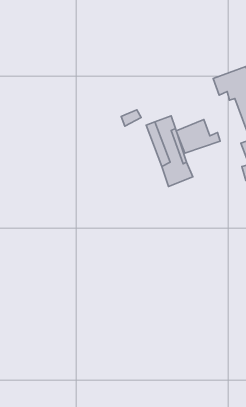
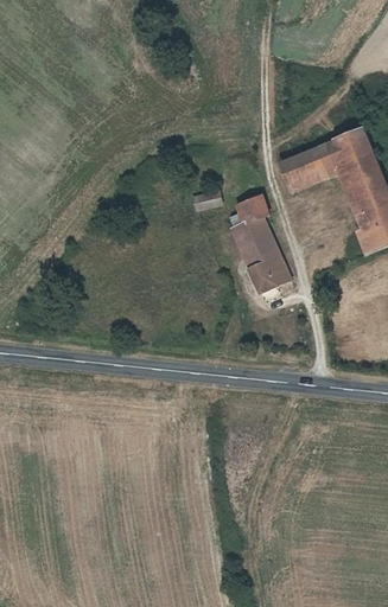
building: [176,120,220,153] -> [280,145,341,191]

